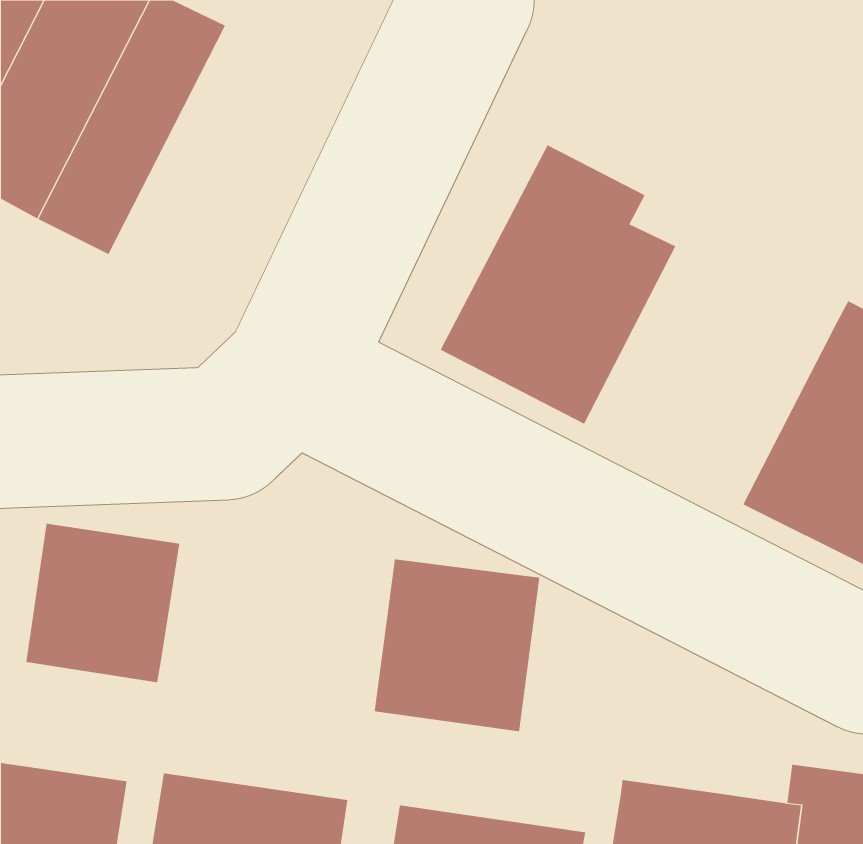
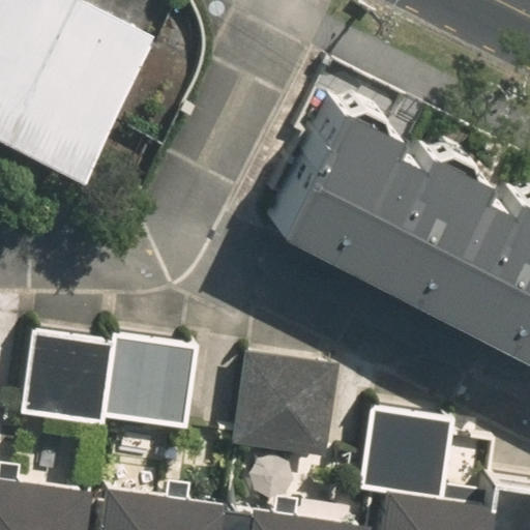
building: none -> [359,147,511,322]
building: none -> [101,334,198,431]
building: none -> [358,409,452,498]

